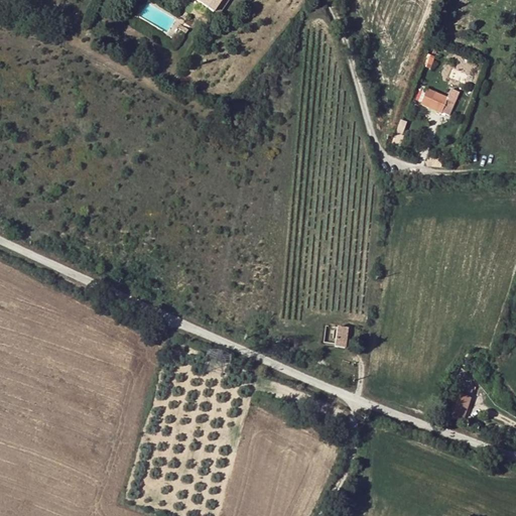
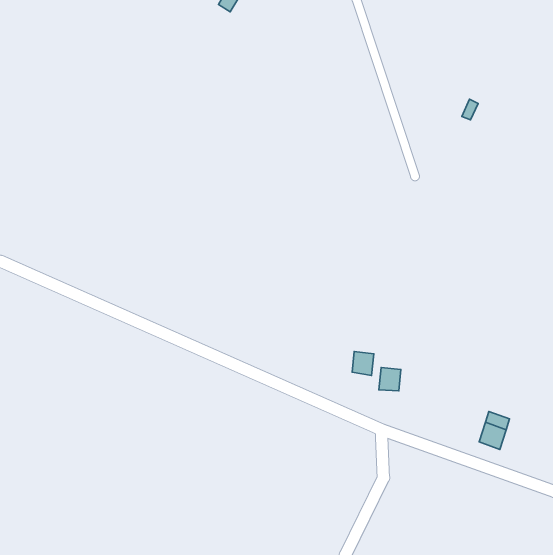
building: none -> [379,368,401,391]

